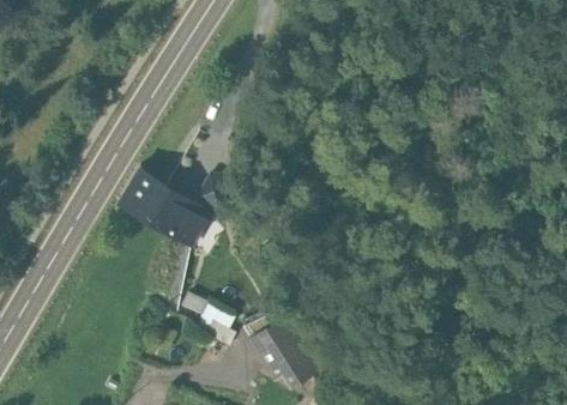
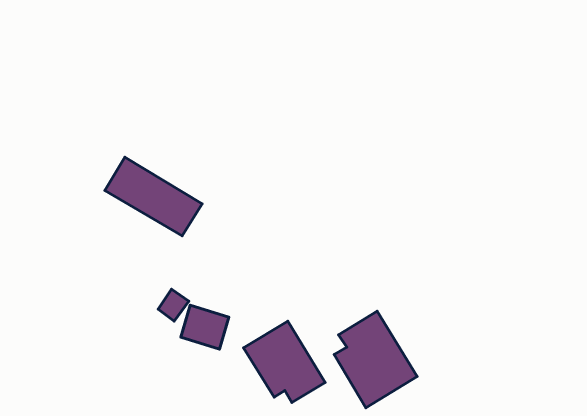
building: none -> [334,311,417,408]

